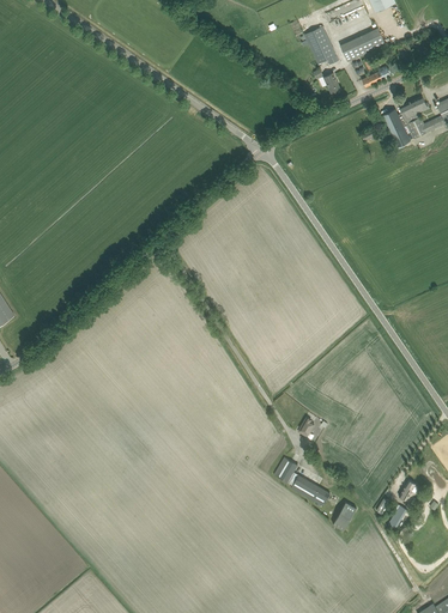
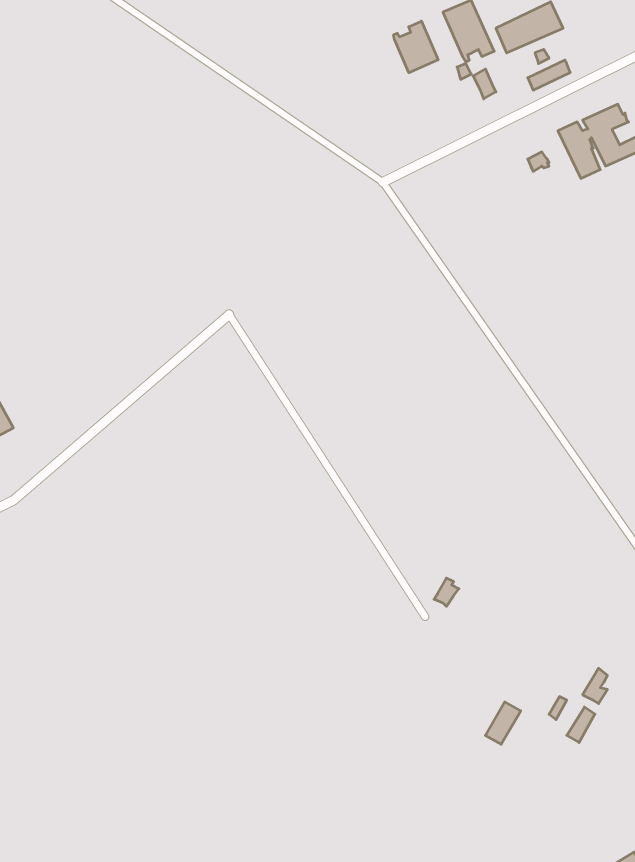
building: none -> [394,21,438,73]
building: [274,456,331,500] -> none

